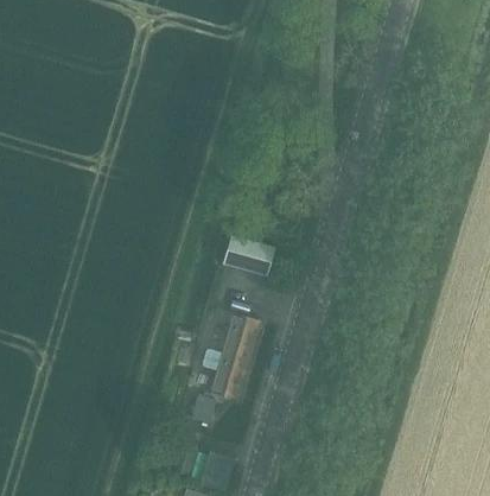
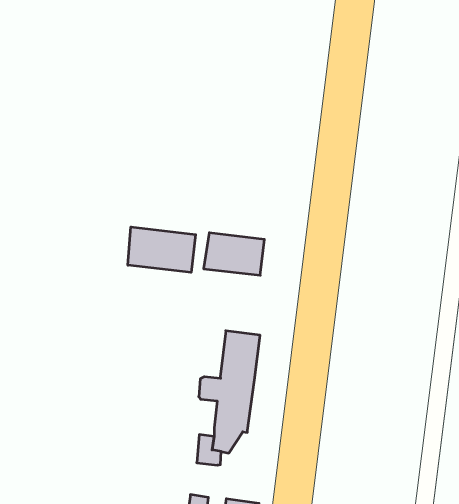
building: none -> [128,227,196,272]

